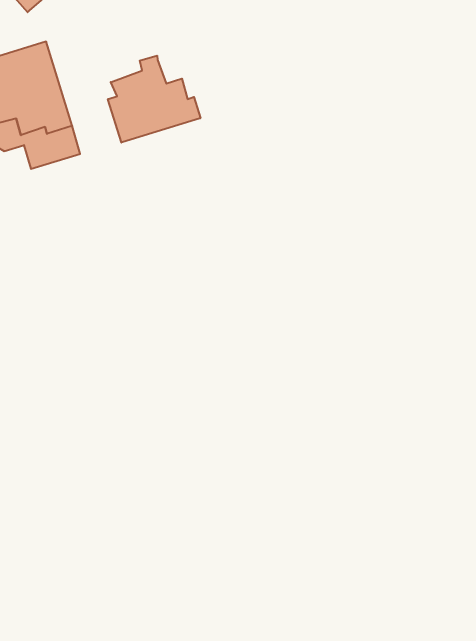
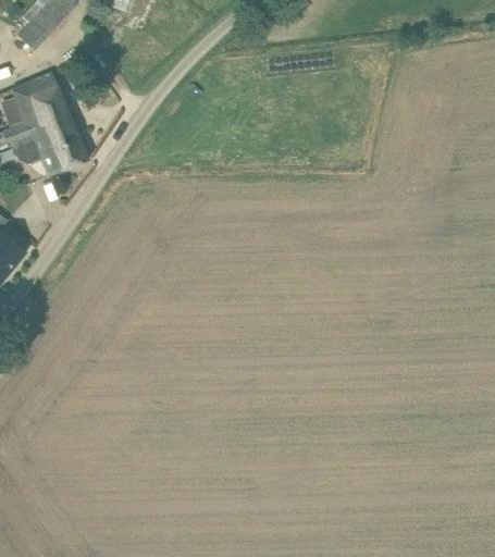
building: [108,56,200,143] -> none

